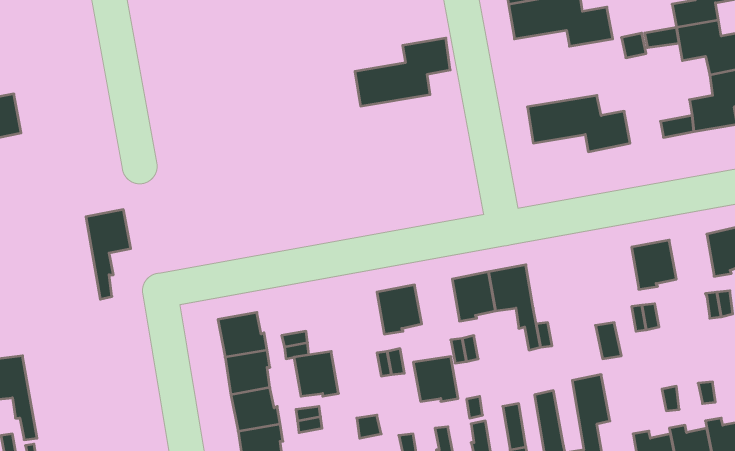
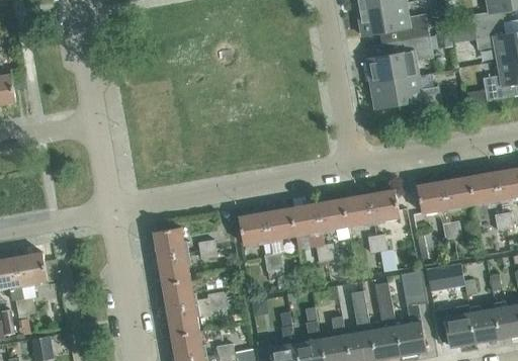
building: [355,38,450,106] -> [365,35,432,83]
building: [86,210,131,299] -> [16,252,48,314]
building: none -> [468,172,500,203]
building: none -> [417,181,447,212]
building: none -> [368,189,400,223]
building: [294,351,339,396] -> [238,212,269,244]
building: [413,357,458,401] -> [290,203,322,235]
building: none -> [426,265,454,291]

